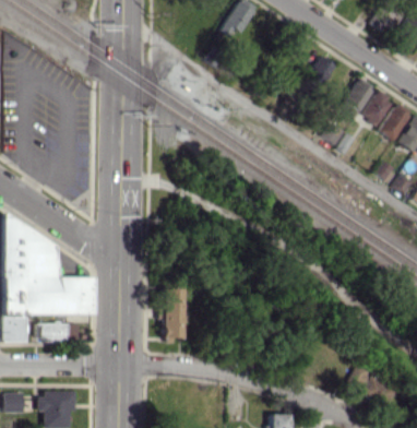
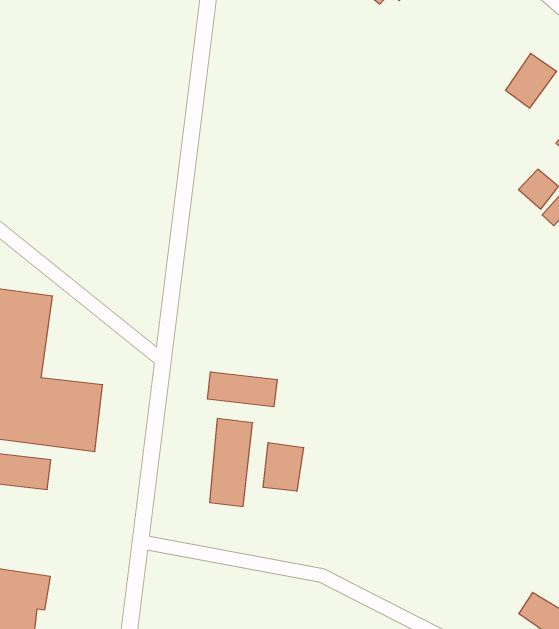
building: none -> [208,372,277,407]
building: none -> [263,442,304,491]

